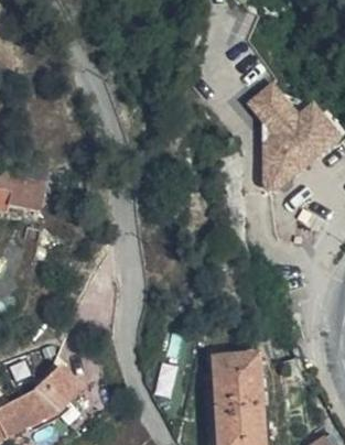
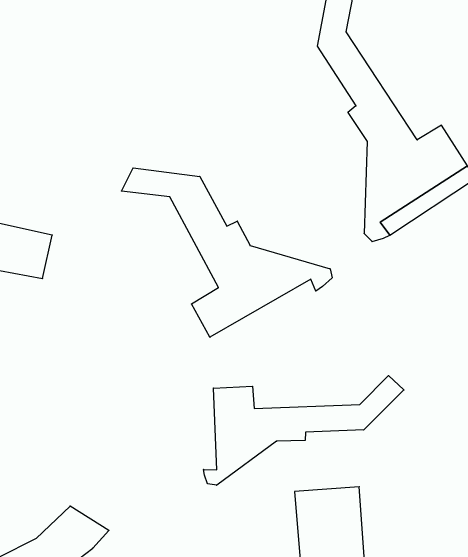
building: none -> [121,168,332,337]
building: none -> [204,376,404,485]

